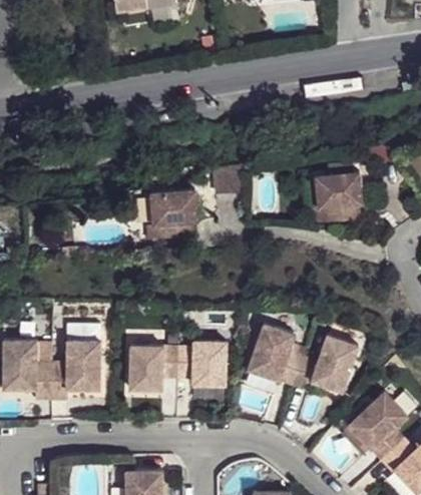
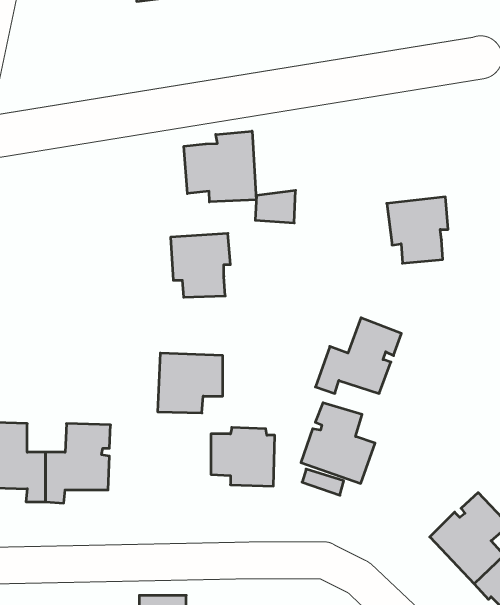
building: none -> [184,131,256,202]
building: [294,332,360,390] -> [315,318,401,393]
building: [128,345,178,391] -> [158,353,223,413]

